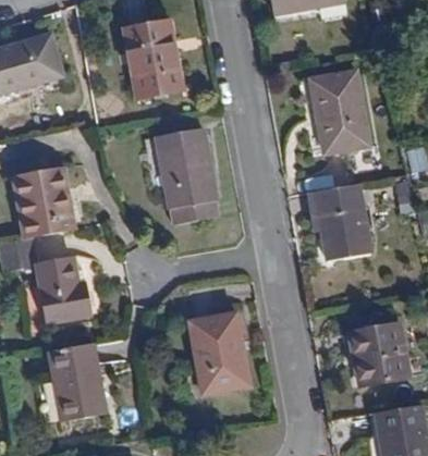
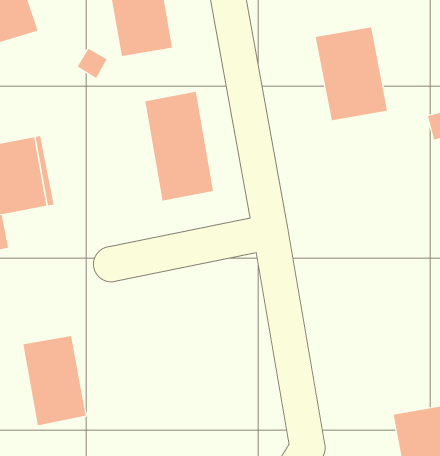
building: [314,184,371,260] -> none
building: [37,258,90,322] -> none
building: [191,312,248,392] -> none
building: [350,324,408,384] -> none

